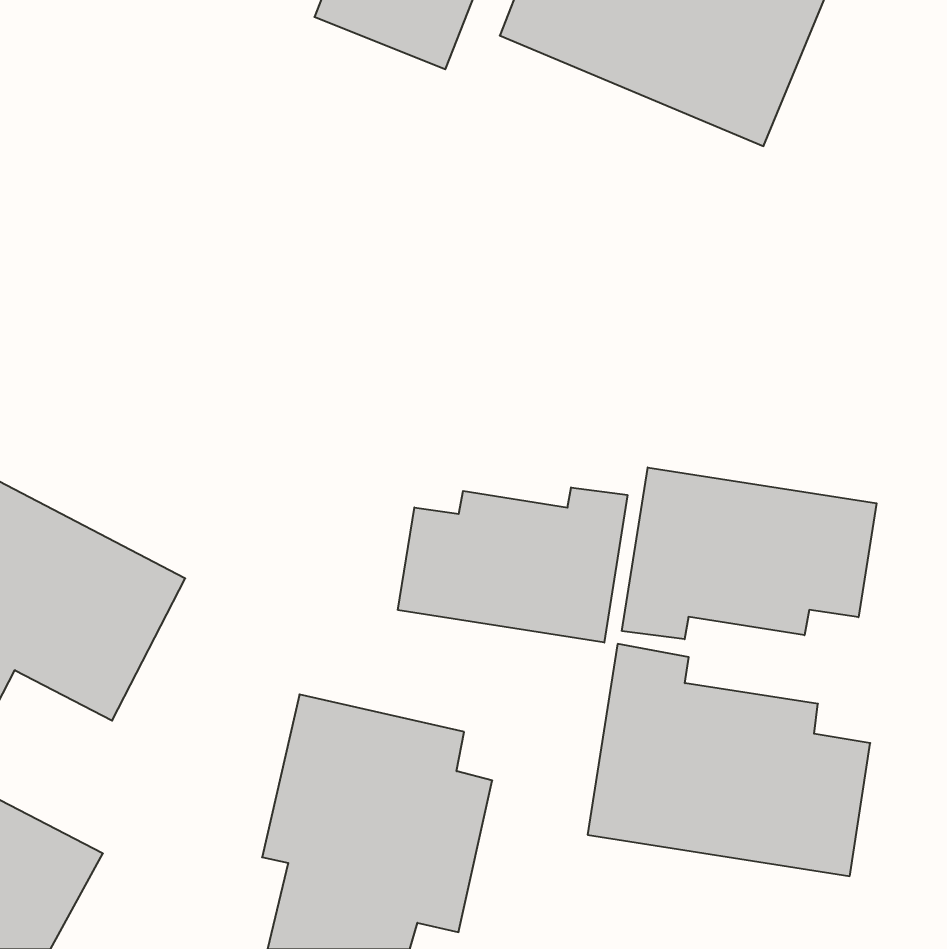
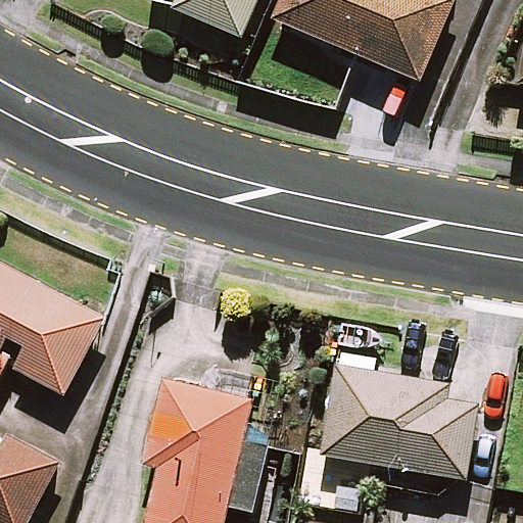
building: [622,467,877,639] -> none
building: [398,487,627,643] -> none

